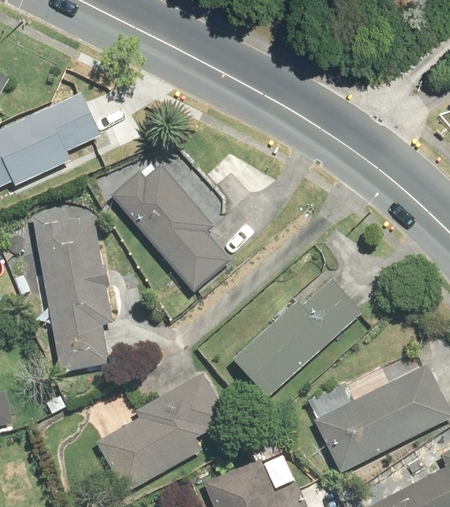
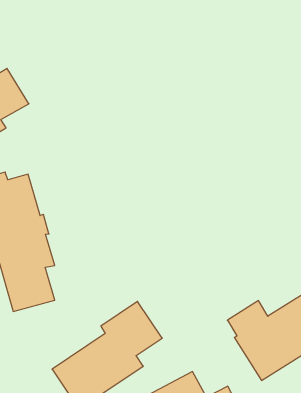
building: [110,164,232,290] -> none
building: [233,276,363,395] -> none

